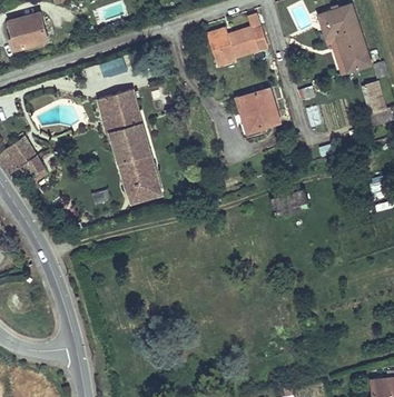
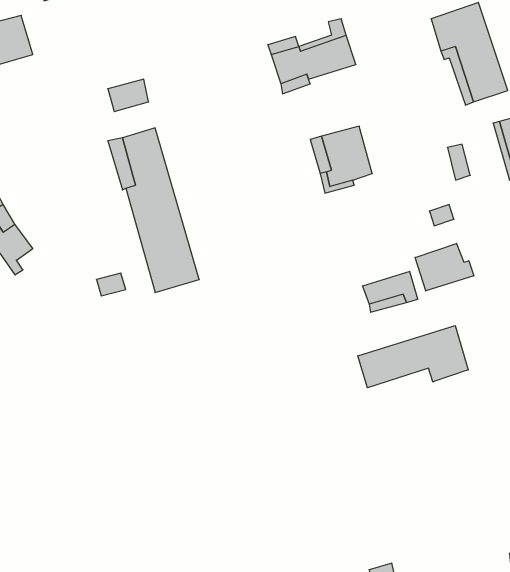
building: none -> [415,243,474,291]
building: none -> [358,326,468,388]

